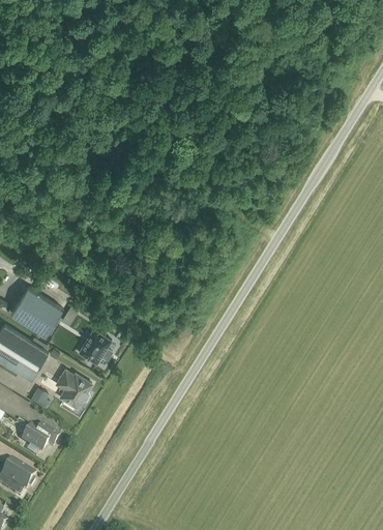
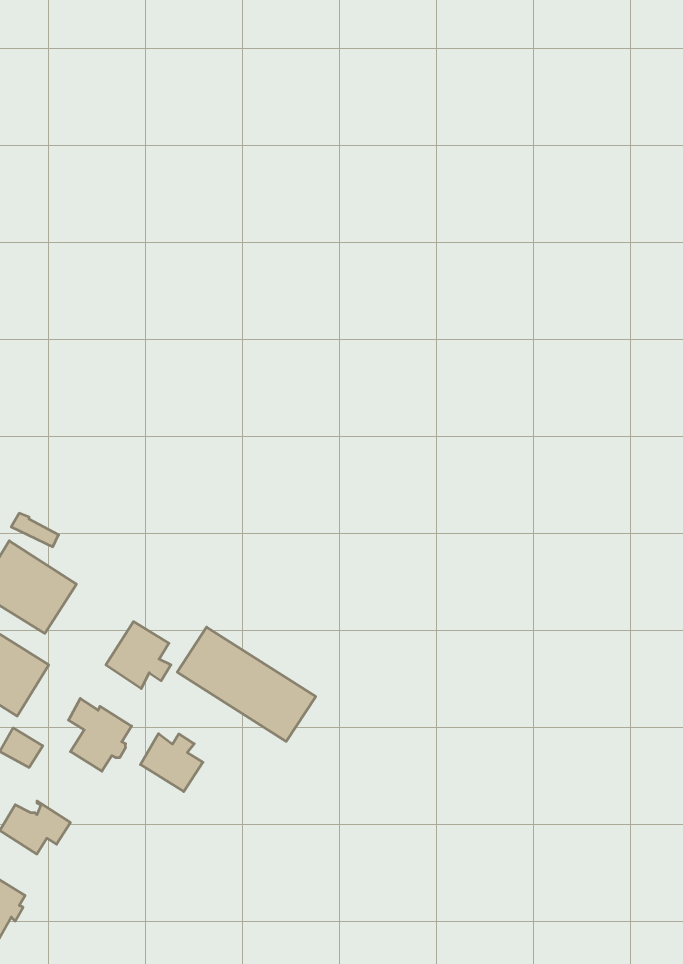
building: none -> [177,627,316,741]
building: none -> [140,734,203,792]

